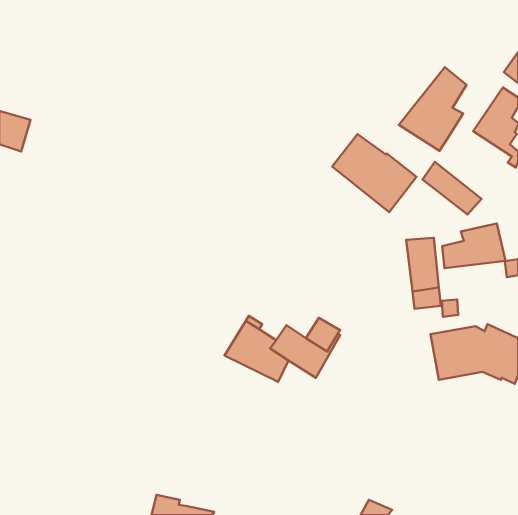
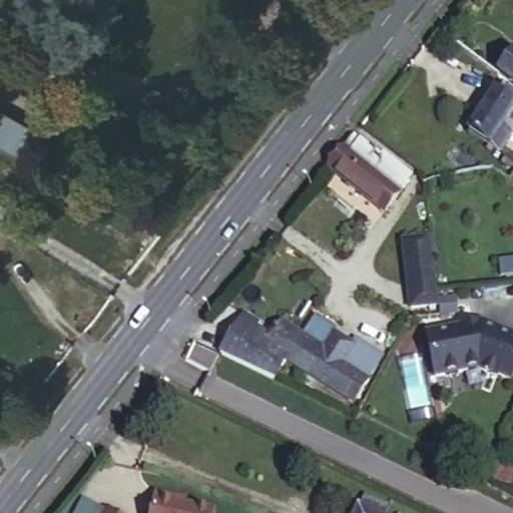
building: [399,67,466,151] -> none
building: [423,162,481,214] -> none
building: [442,224,505,268] -> none
building: none -> [312,331,380,399]

